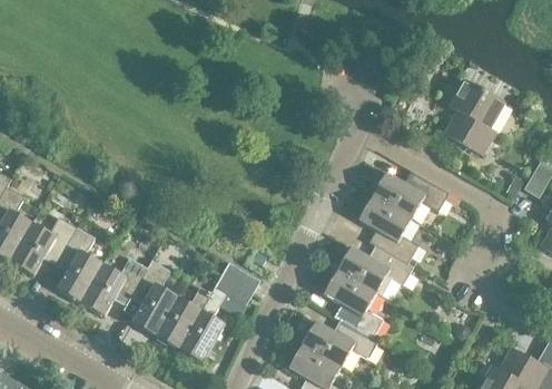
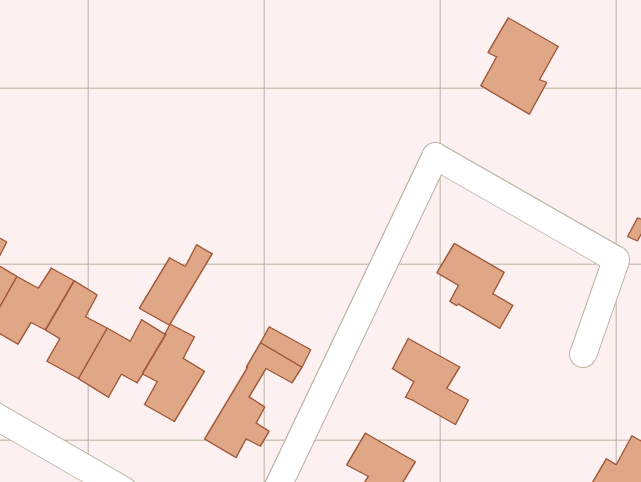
building: [444,80,504,155] -> [481,18,558,114]
building: [372,171,448,220] -> none
building: [336,244,413,295] -> none
building: [155,286,211,349] -> [139,245,212,325]
building: [303,319,378,367] -> none

